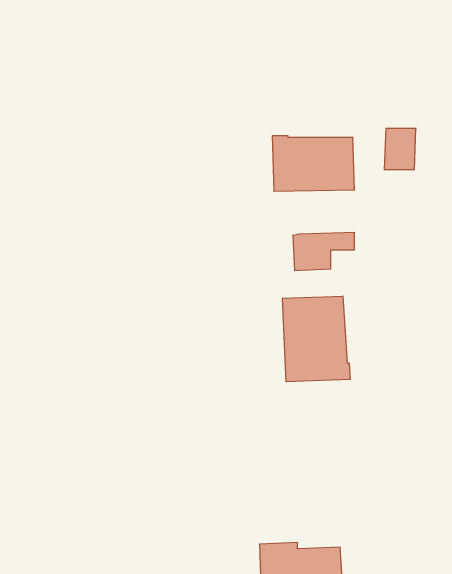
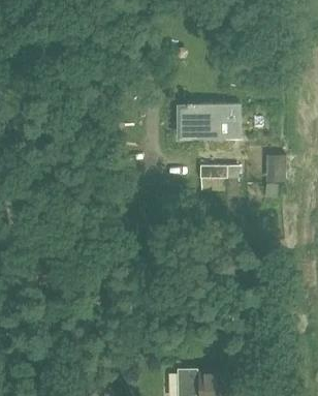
building: [384,128,416,170] -> [265,155,286,182]
building: [283,296,350,382] -> none

